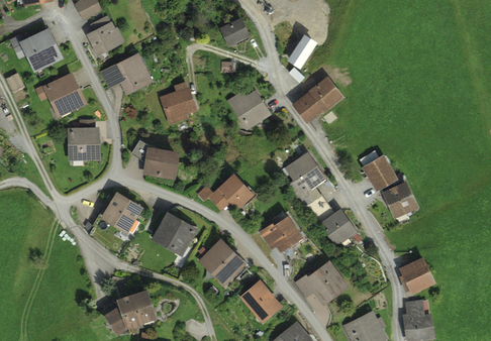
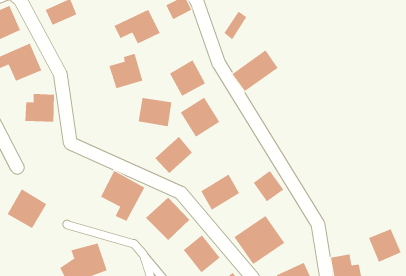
building: [101,54,153,93] -> [114,9,161,44]
building: [142,145,180,178] -> [138,97,172,127]
building: [281,152,325,197] -> [180,97,220,138]
building: [364,159,422,220] -> none
building: [99,190,143,234] -> [7,188,47,229]
building: [400,255,436,293] -> [368,229,401,263]

